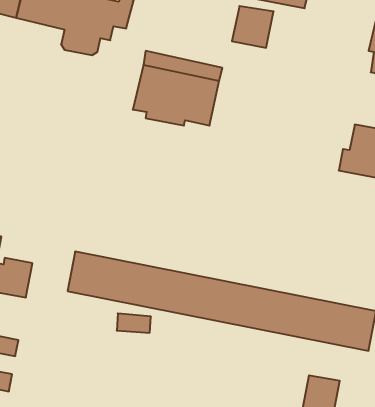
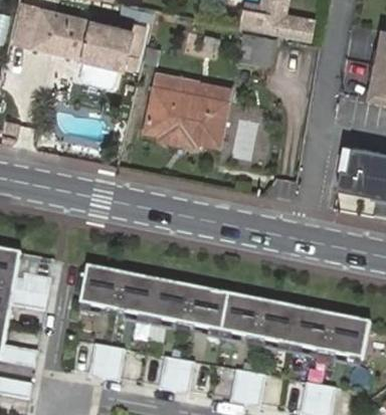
building: none -> [92,344,129,382]
building: none -> [163,357,198,394]
building: none -> [234,370,269,407]

